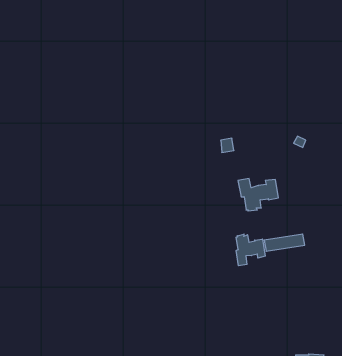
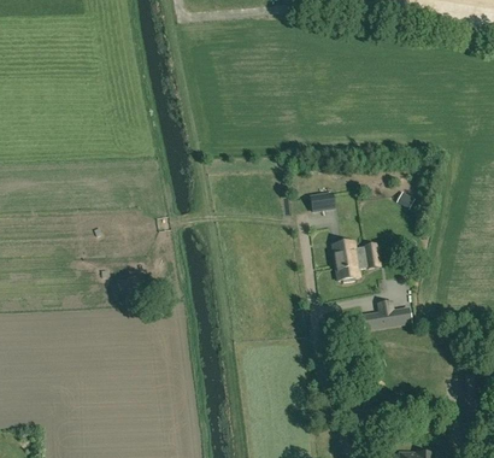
building: [236,234,265,266] -> none

